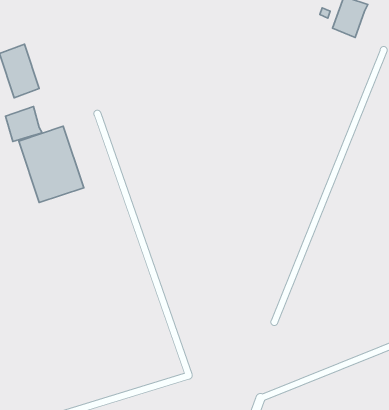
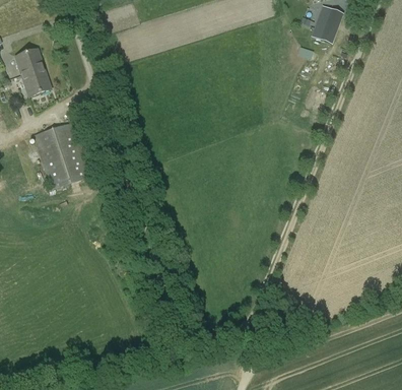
building: [5,107,42,142] -> none

